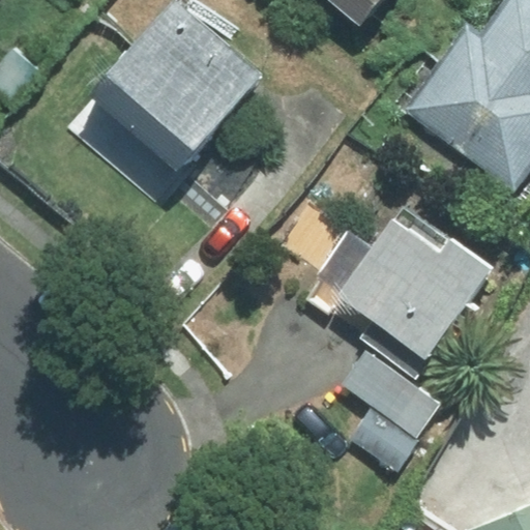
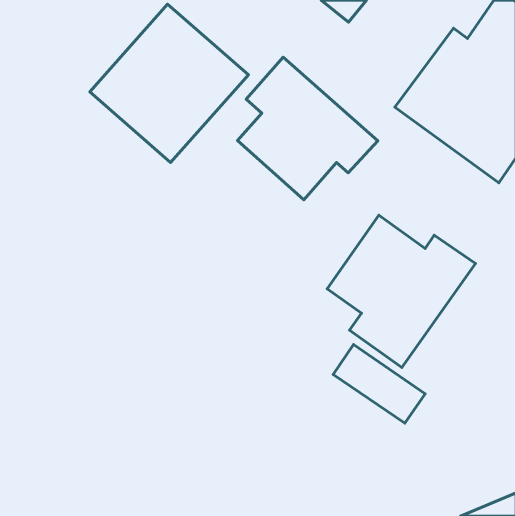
building: none -> [237,57,378,200]

